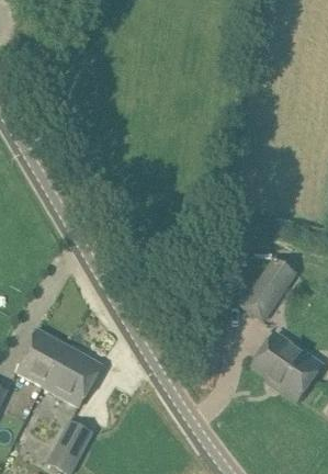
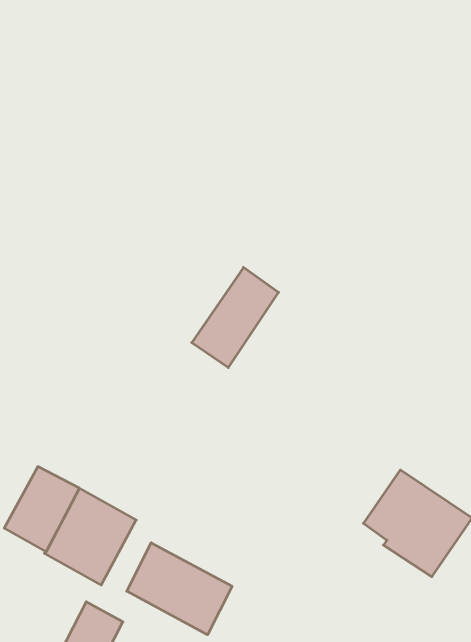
building: [240,256,297,321] -> [192,267,279,368]
building: none -> [127,543,232,635]

